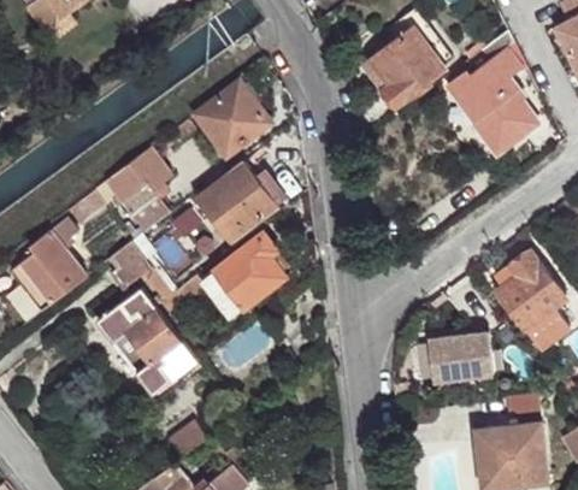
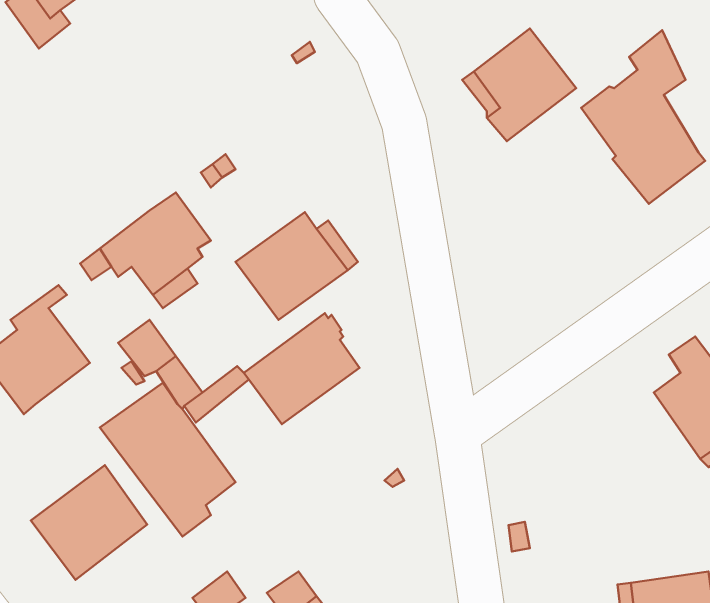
building: [195,82,271,154] -> none
building: [431,332,495,380] -> none
building: none -> [31,465,147,580]

